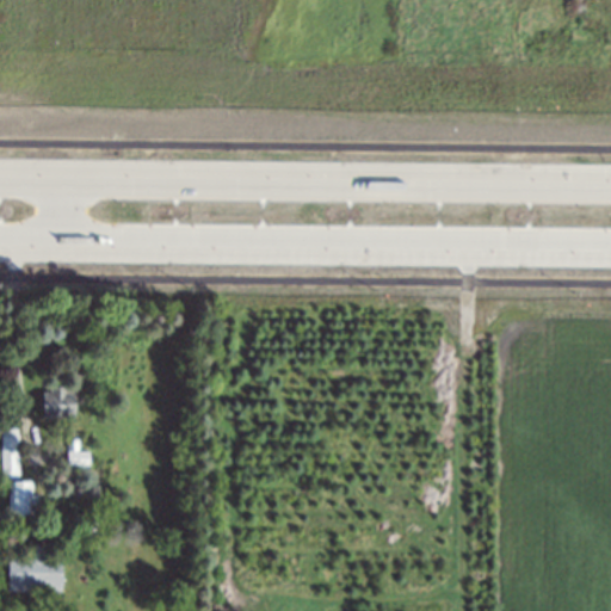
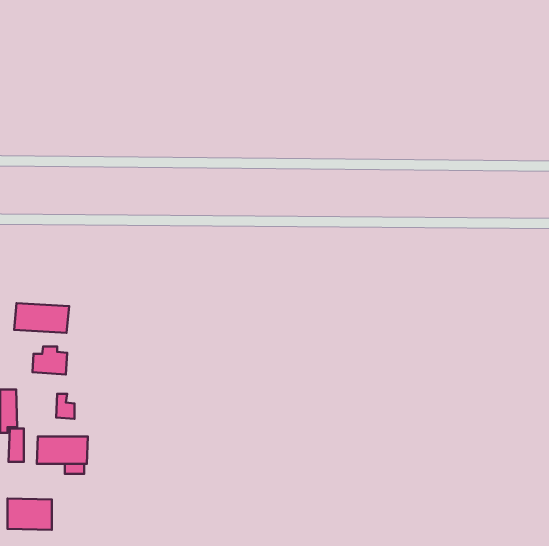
building: none -> [14,303,69,333]
building: none -> [37,437,88,464]

